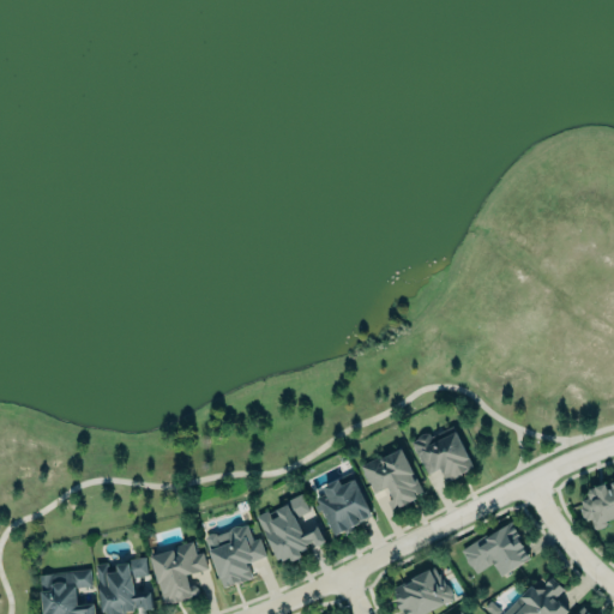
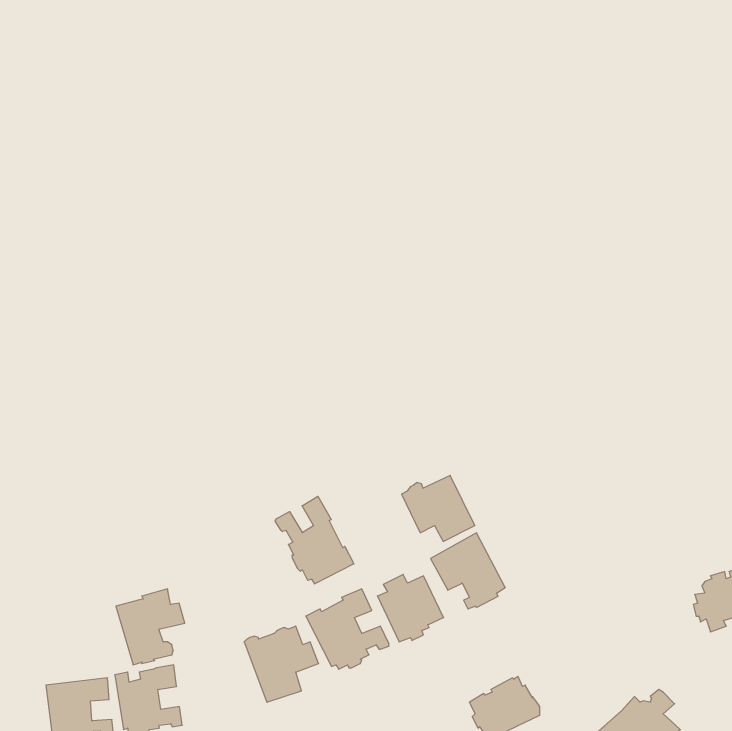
building: none -> [275,496,354,584]
building: [413,428,474,483] -> [402,475,475,541]
building: [462,522,531,578] -> none
building: [151,541,209,604] -> [116,589,185,665]

